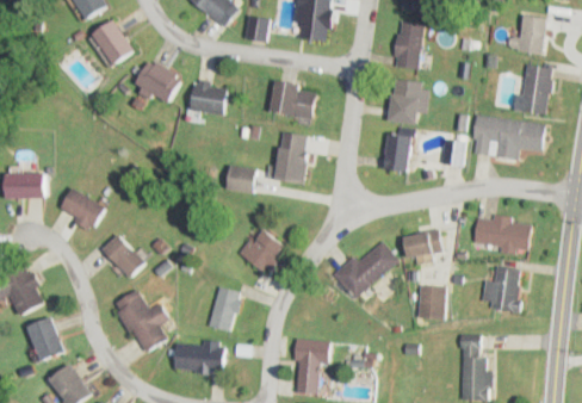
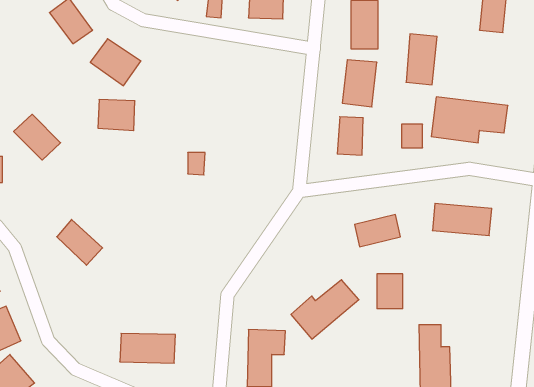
building: [520,66,550,114] -> [406,34,437,85]
building: [196,85,231,114] -> [98,100,135,131]
building: [267,85,311,118] -> none
building: [271,132,307,185] -> none
building: [66,186,111,230] -> [14,114,61,160]
building: [237,228,283,273] -> none
building: [332,241,397,298] -> [291,280,359,339]
building: [484,267,518,311] -> none
building: [206,286,240,333] -> none
building: [111,290,167,353] -> none

